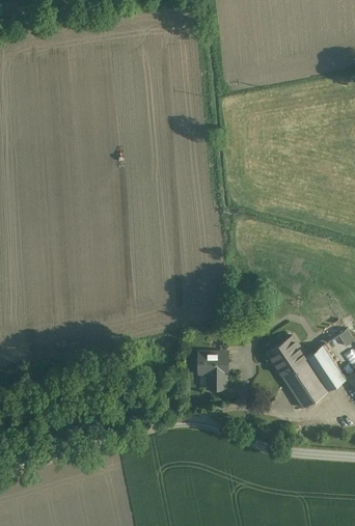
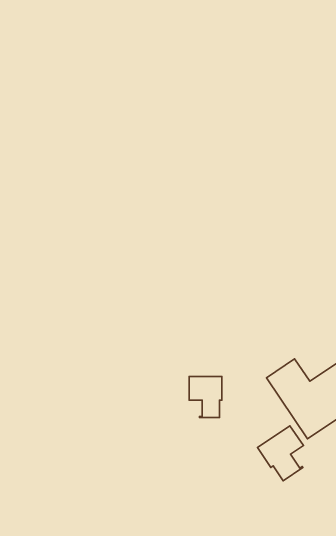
building: none -> [258,426,303,481]

